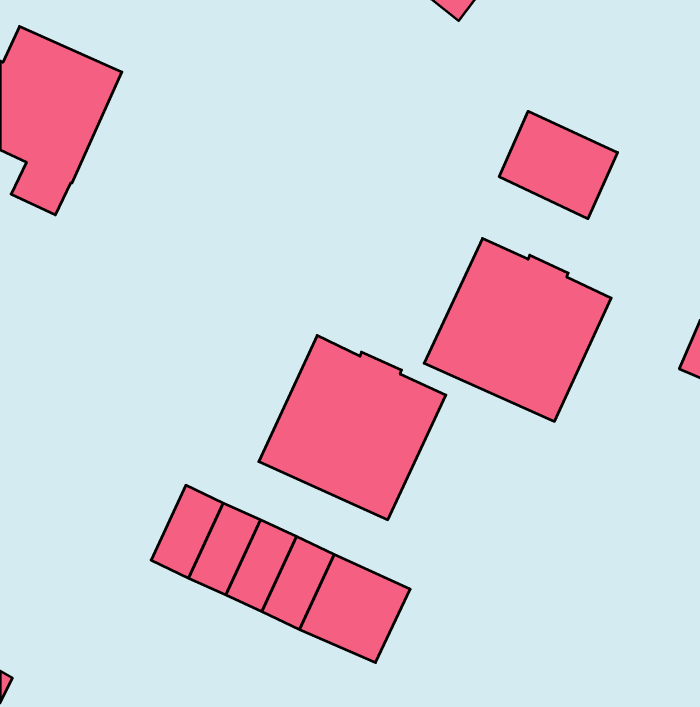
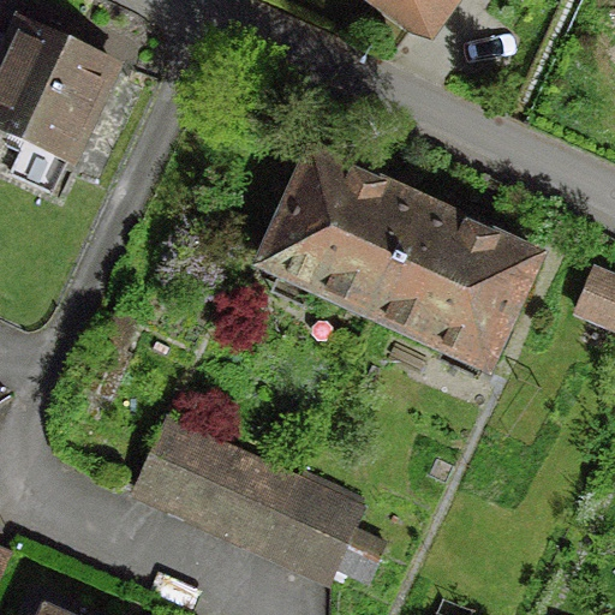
building: [499,111,618,219] -> none
building: [259,335,446,520] -> [263,155,425,315]

